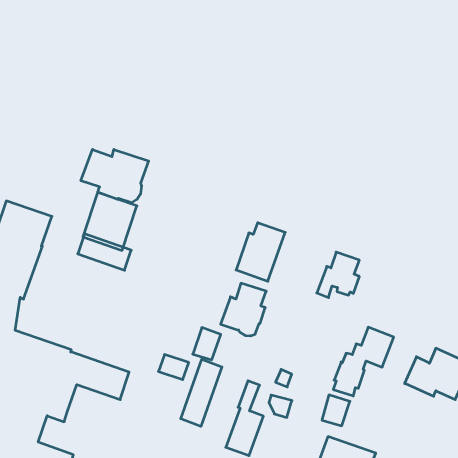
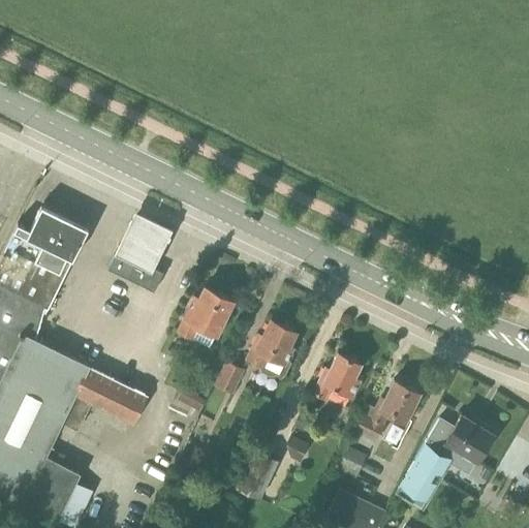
building: [81,149,149,203] -> none
building: [236,223,285,281] -> [178,288,232,349]
building: [317,252,359,298] -> [313,354,361,400]
building: [181,359,222,426] -> none
building: none -> [400,444,453,504]

